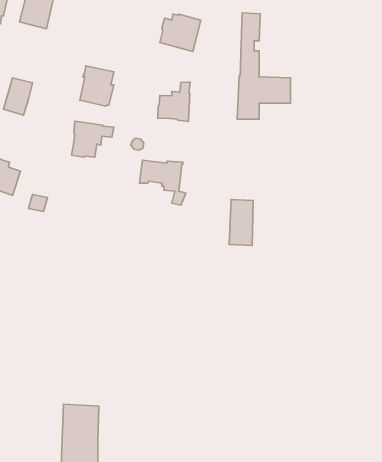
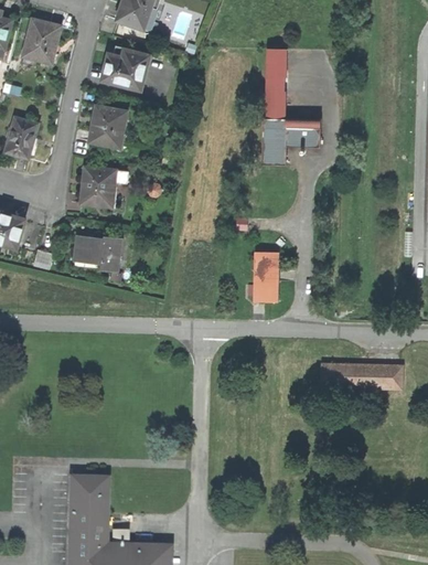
building: [160,14,201,51] -> [103,49,148,89]
building: [158,82,190,122] -> none
building: [140,160,186,205] -> [72,236,122,286]
building: none -> [321,364,400,390]

